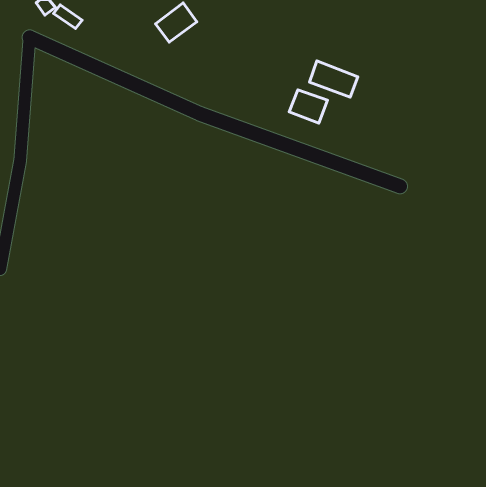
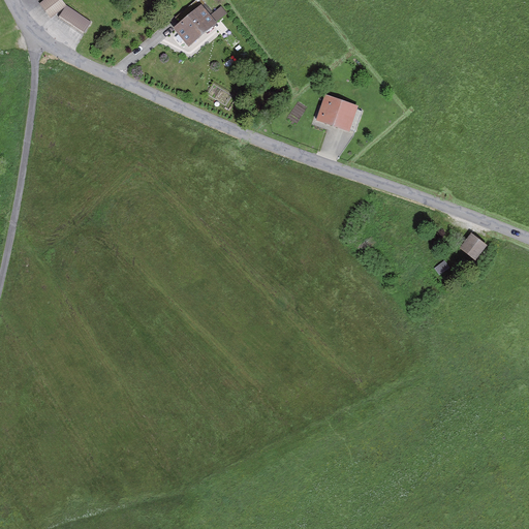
building: [310,61,358,97] -> none
building: none -> [461,229,490,258]

